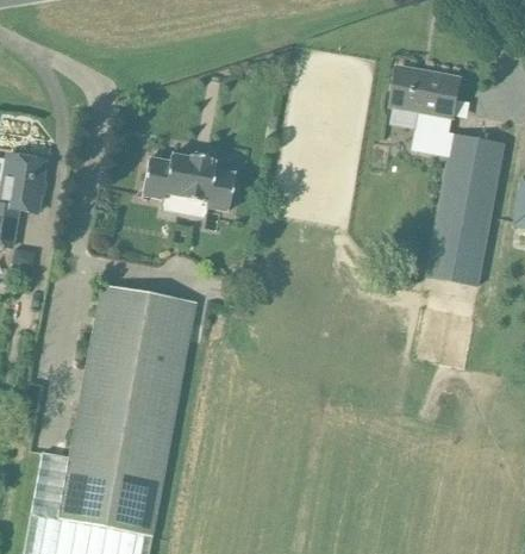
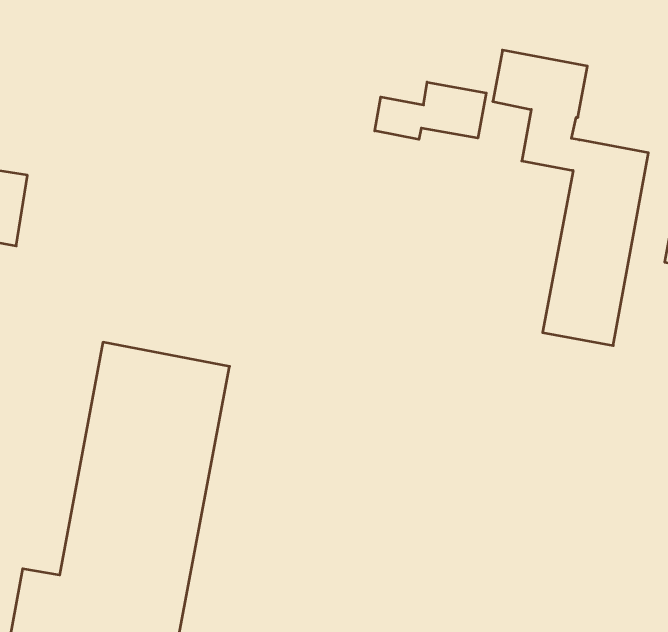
building: none -> [375,82,486,139]
building: [142,151,235,211] -> none

